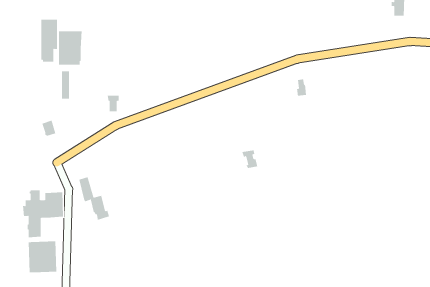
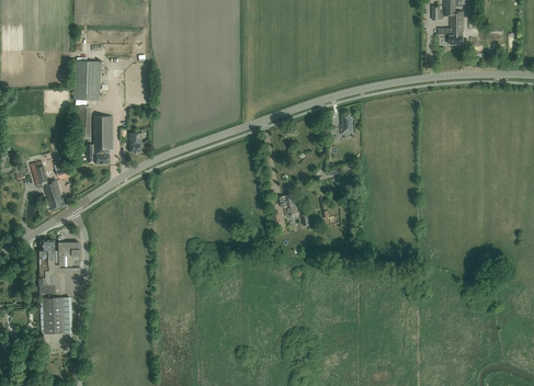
building: [40,19,58,62] -> [93,115,113,163]
building: [79,177,110,221] -> [31,159,66,208]

